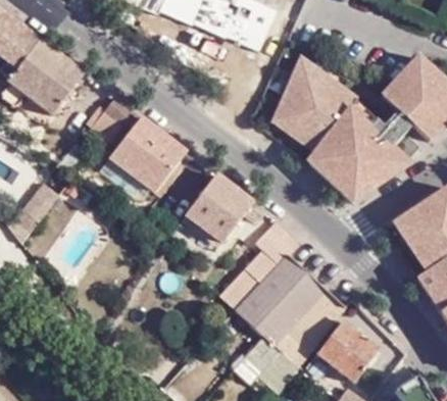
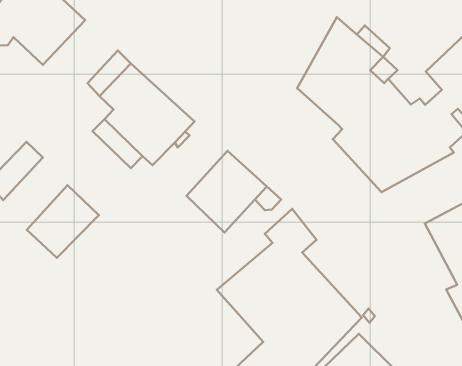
building: none -> [27,185,99,258]

